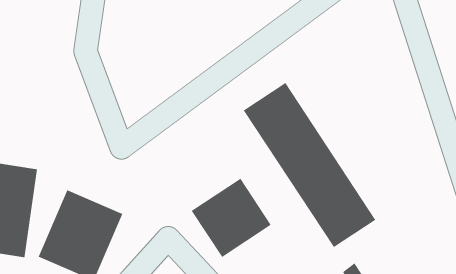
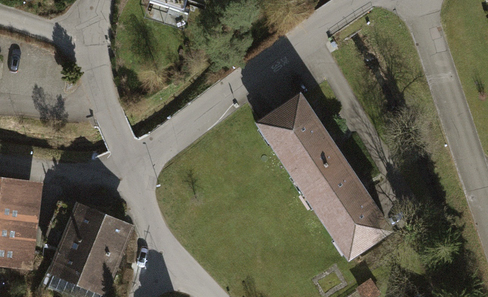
building: [191,178,272,258] -> none

